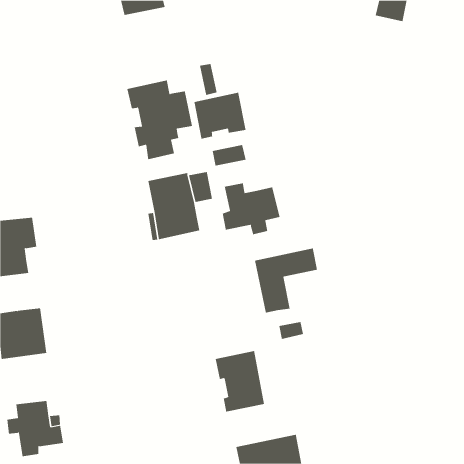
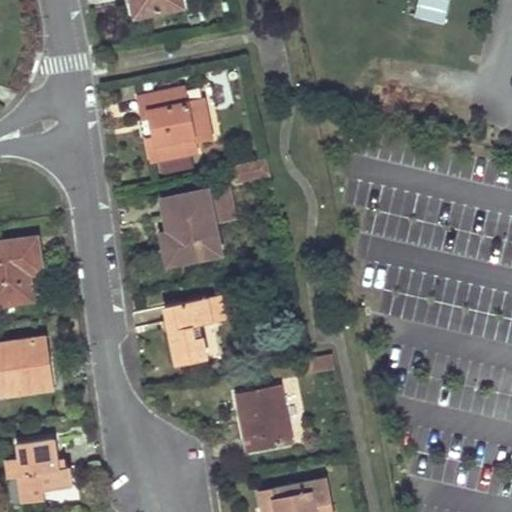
building: [194,92,246,139] -> none
building: [222,182,280,235] -> none
building: [254,248,318,313] -> [165,293,235,365]

